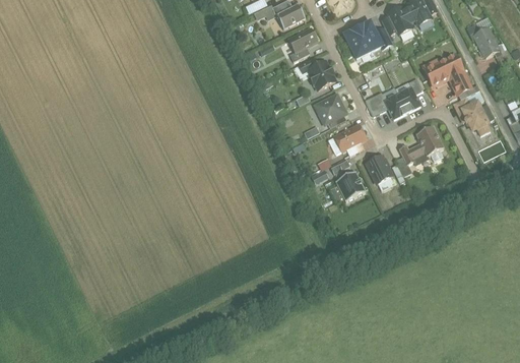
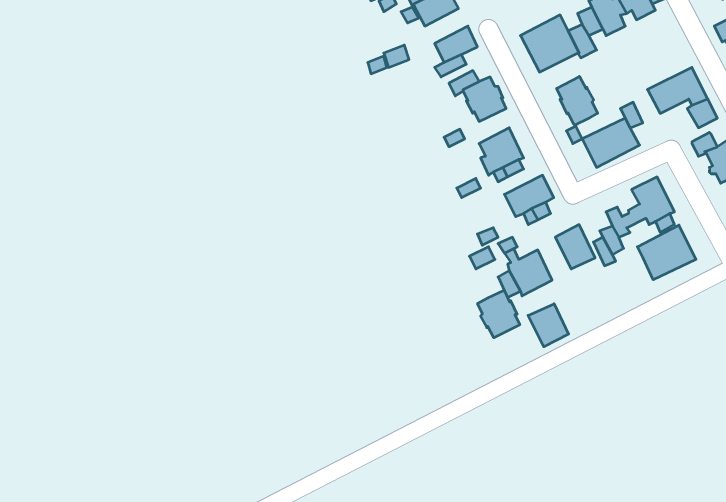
building: none -> [557,76,598,125]
building: none -> [637,225,696,280]
building: none -> [478,291,520,338]
building: none -> [528,304,569,347]

